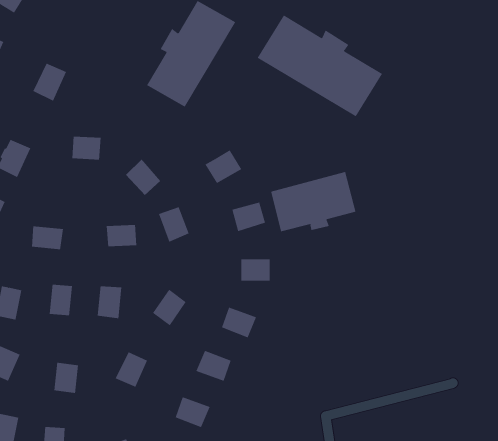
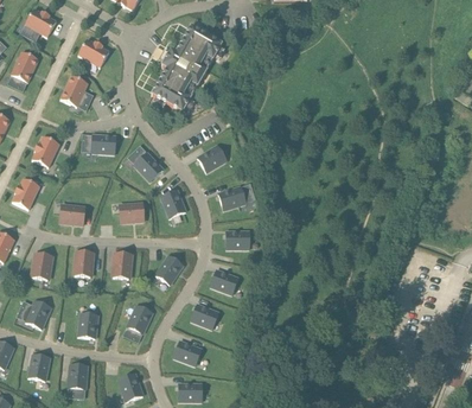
building: [257,15,383,117] -> none
building: none -> [77,37,109,66]
building: [270,171,356,232] -> none

